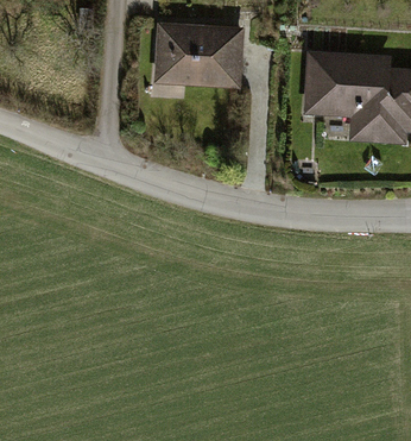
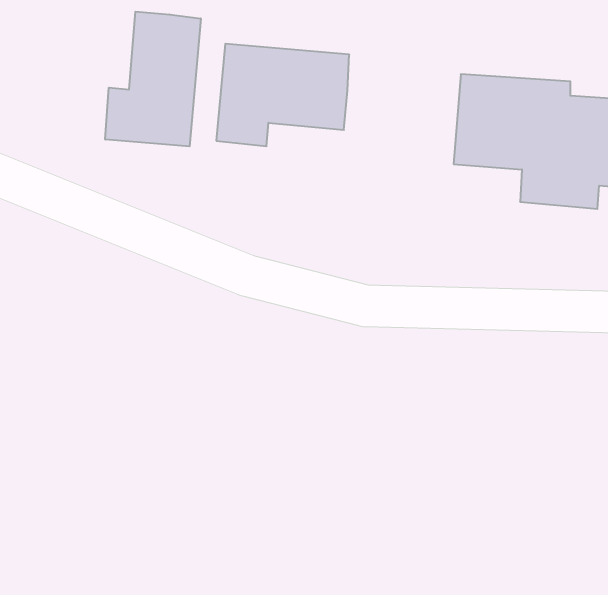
building: none -> [105,12,201,146]

